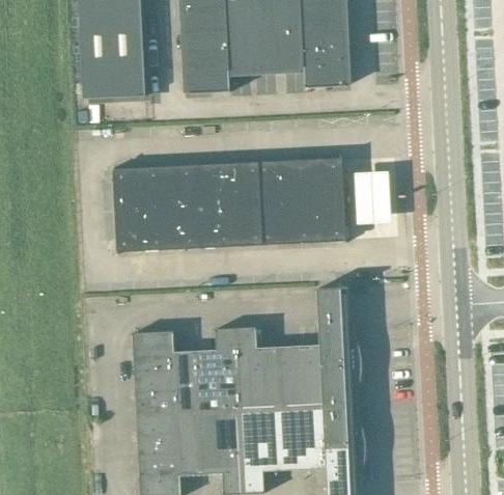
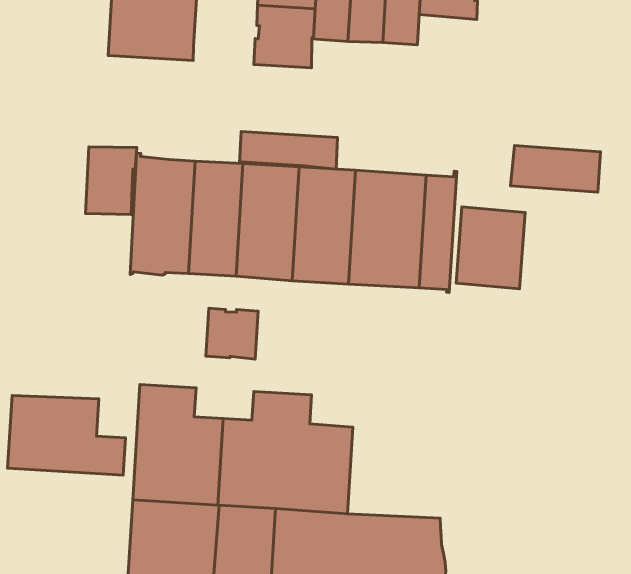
building: [302,45,345,88] -> none
building: none -> [510,145,600,192]
building: none -> [239,132,338,169]
building: none -> [85,147,137,214]
building: none -> [206,308,258,359]
building: [287,286,361,408] -> none
building: none -> [8,395,126,475]

